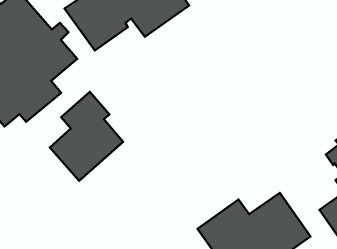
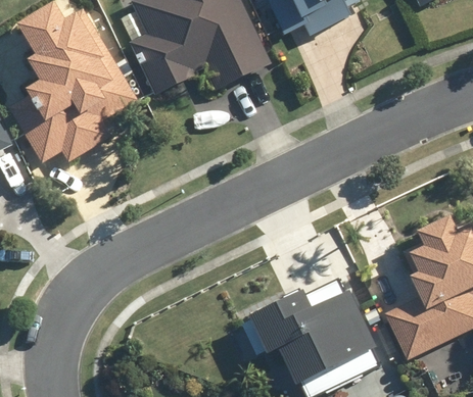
building: [50,92,123,181] -> none

